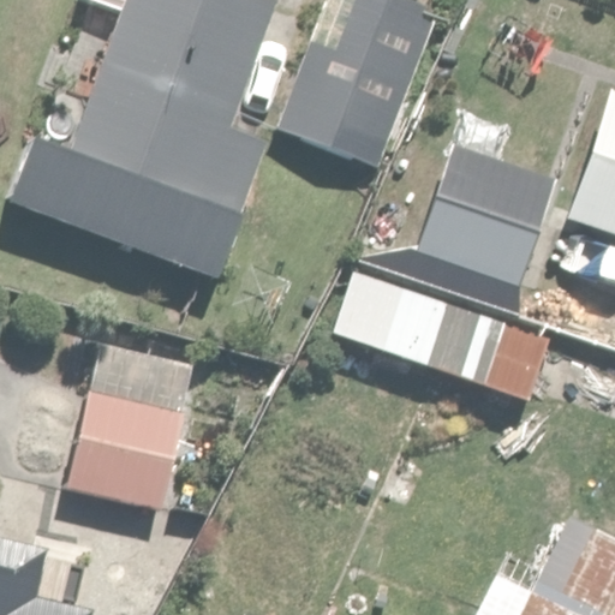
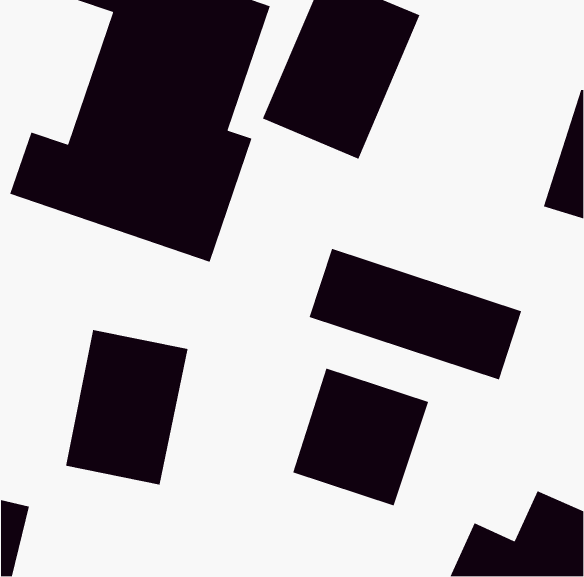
building: [417,154,555,288] -> none
building: none -> [292,368,429,506]

